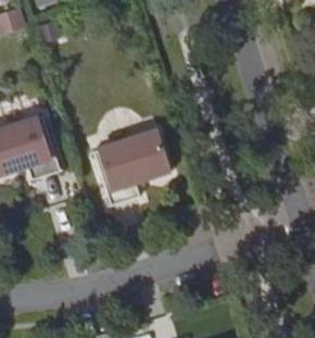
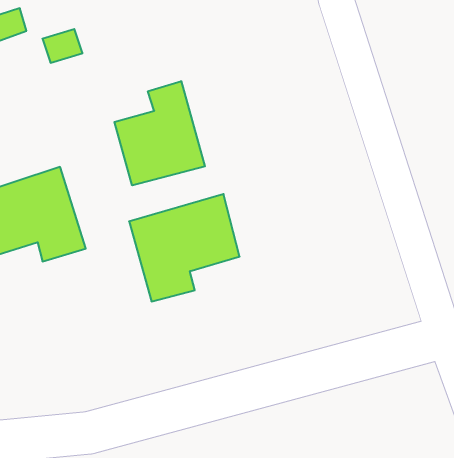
building: none -> [114,81,205,185]

